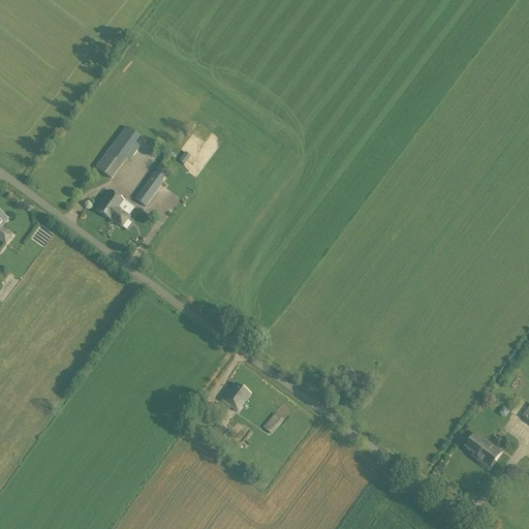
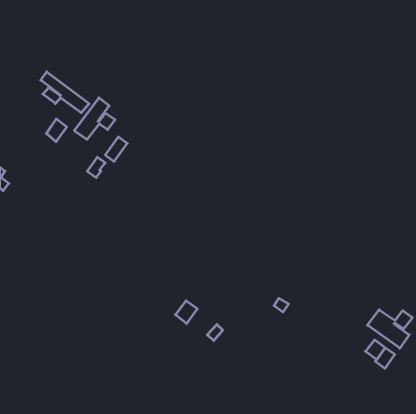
building: none -> [41,72,89,113]
building: [97,189,123,218] -> [46,119,67,142]
building: none -> [367,310,412,348]

